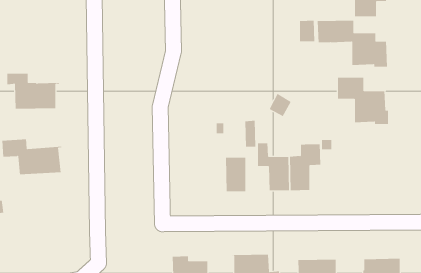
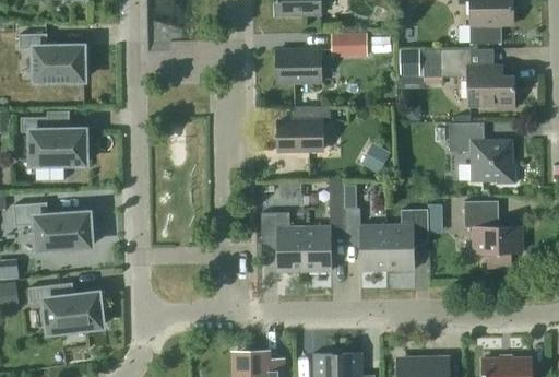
building: none -> [20,33,87,80]
building: none -> [331,34,367,56]
building: none -> [276,49,321,83]
building: none -> [277,106,330,150]
building: none -> [463,200,521,268]
building: none -> [261,212,305,272]
building: none -> [28,283,103,332]

